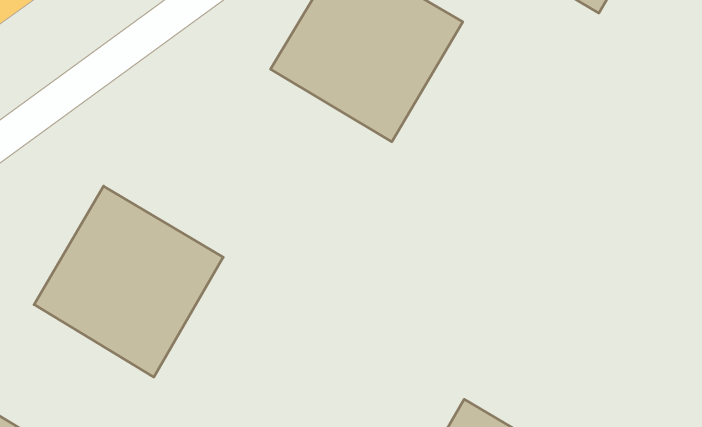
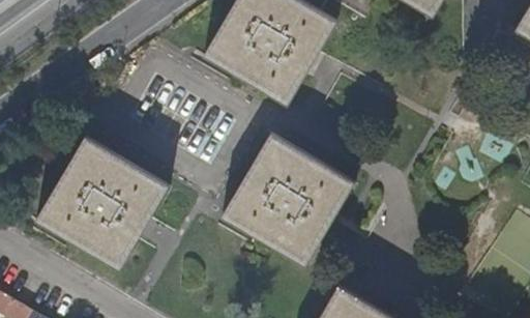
building: none -> [223,133,355,266]

